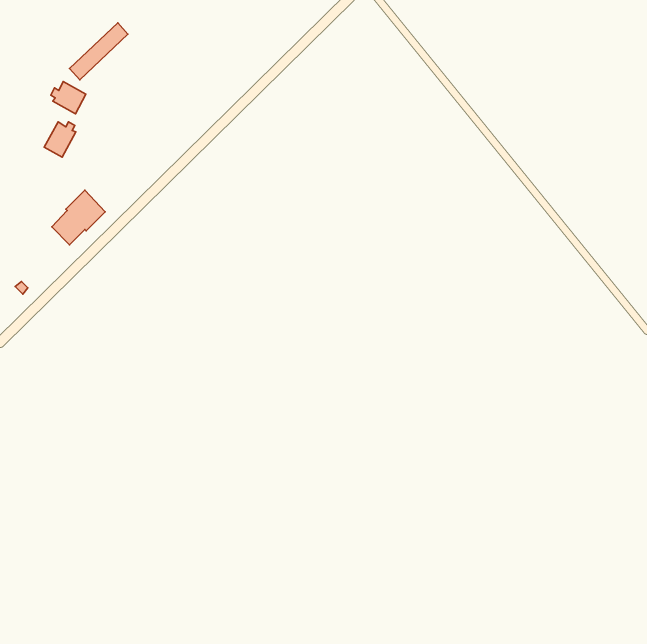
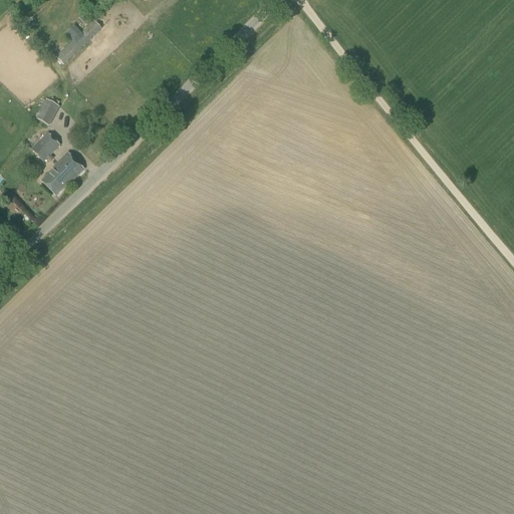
building: [51,82,86,114] -> none
building: none -> [31,131,60,160]

